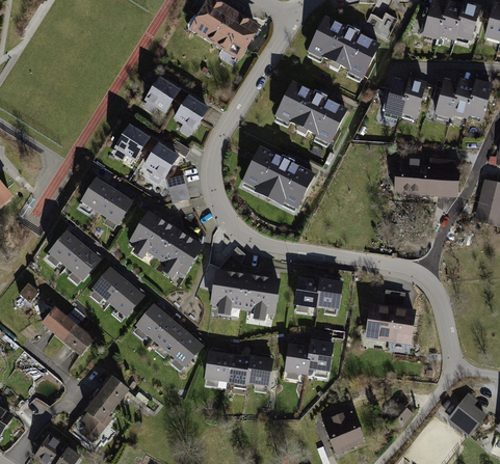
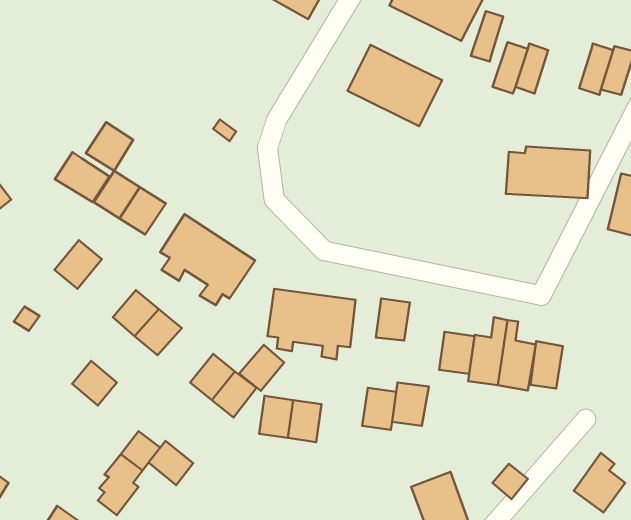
building: [143,77,181,115] -> none
building: [435,80,459,118] -> [471,11,503,61]
building: [172,94,211,134] -> none
building: [113,125,150,162] -> [86,122,133,171]
building: [142,144,178,182] -> none
building: [239,145,312,208] -> none
building: none -> [55,152,110,202]
building: [65,245,101,282] -> none
building: [316,278,343,310] -> [439,332,474,374]
building: [135,304,169,339] -> [239,345,284,391]
building: [42,306,76,340] -> none
building: none -> [530,341,563,388]
building: [248,356,273,387] -> none
building: none -> [149,441,193,485]

